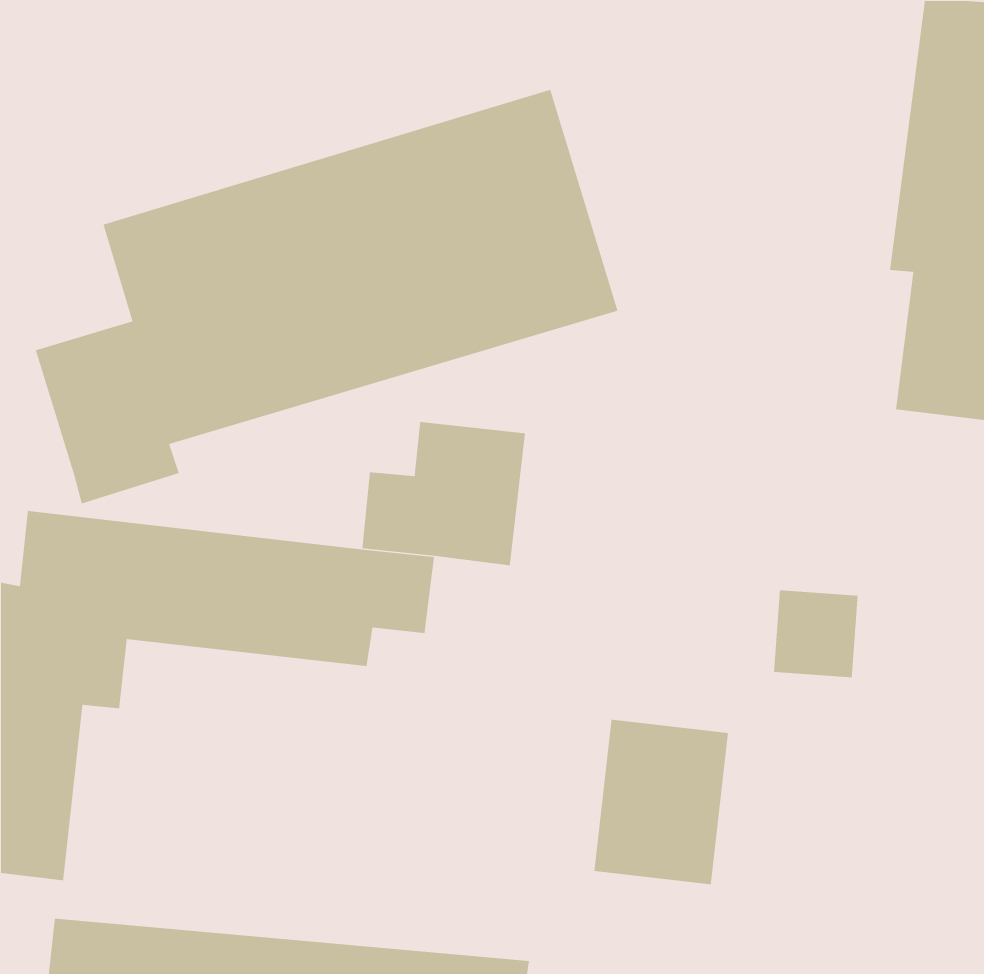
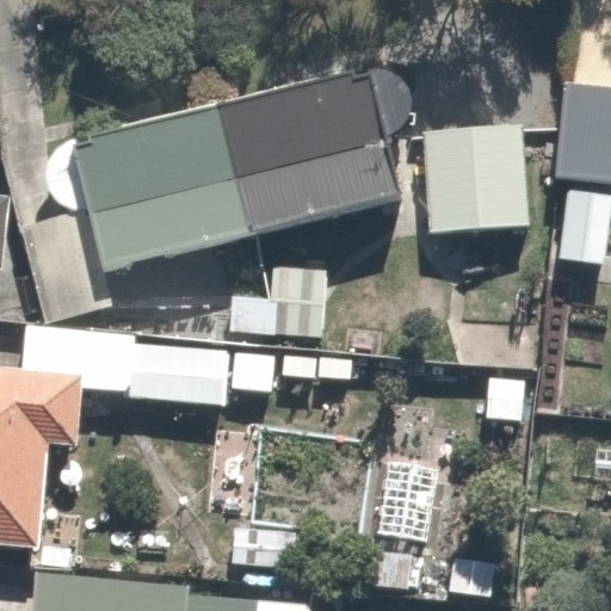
building: none -> [409,121,535,254]

